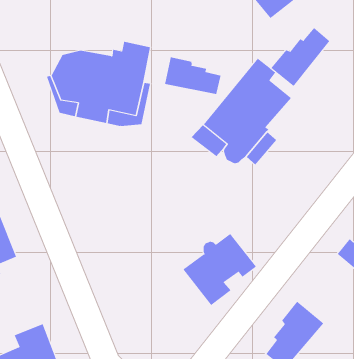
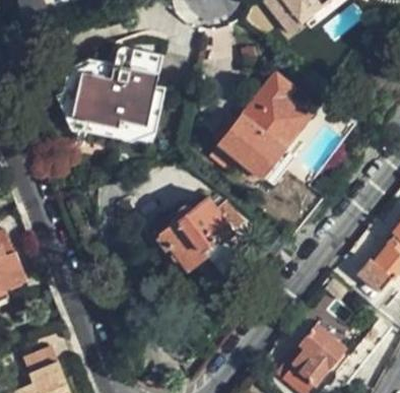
building: [271,27,330,87] -> none
building: [164,56,221,95] -> none
building: [182,233,257,306] -> [159,194,237,269]

